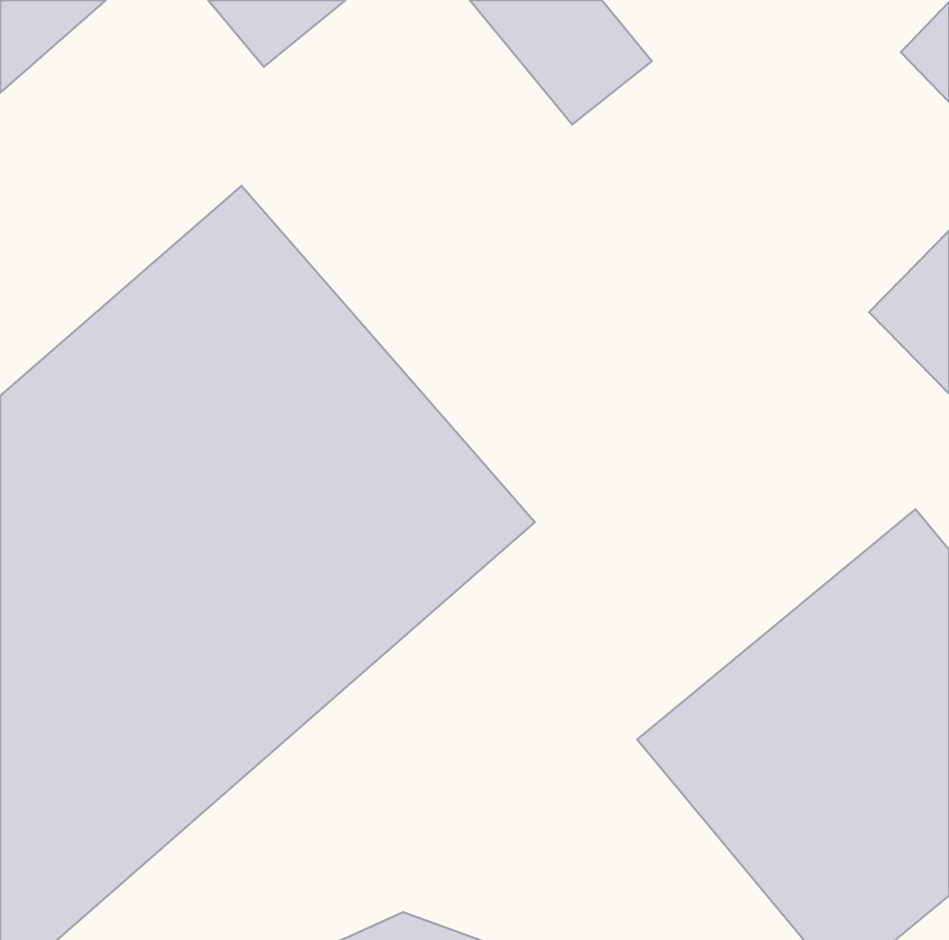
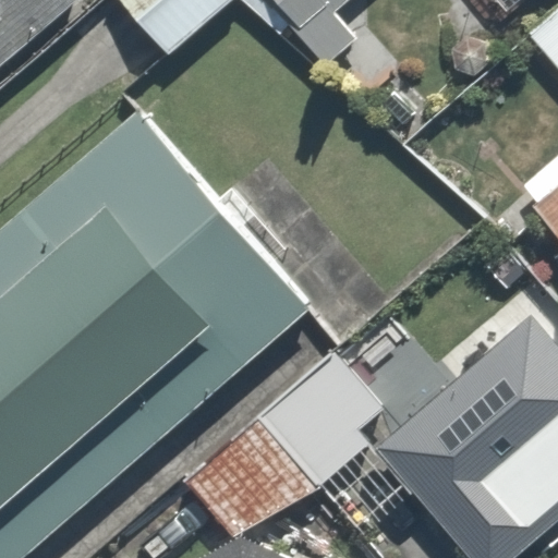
building: none -> [179,355,373,534]

